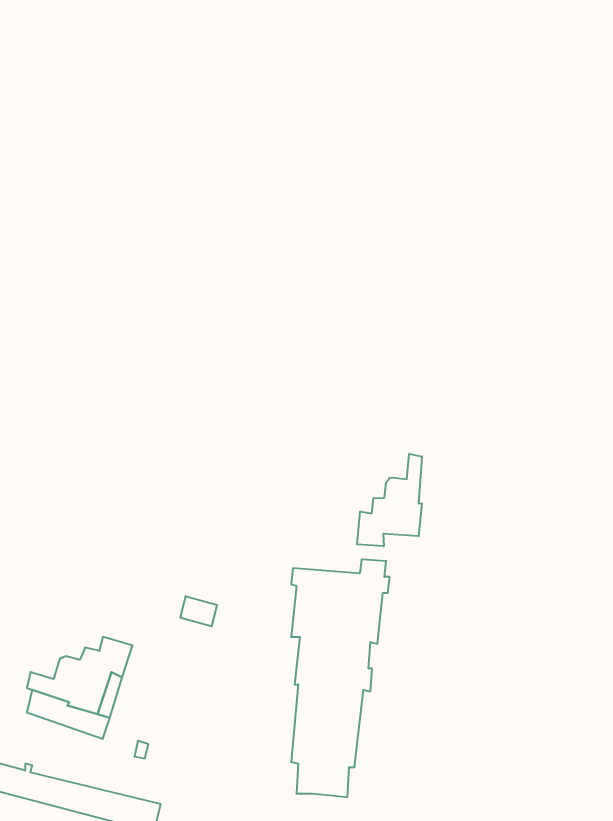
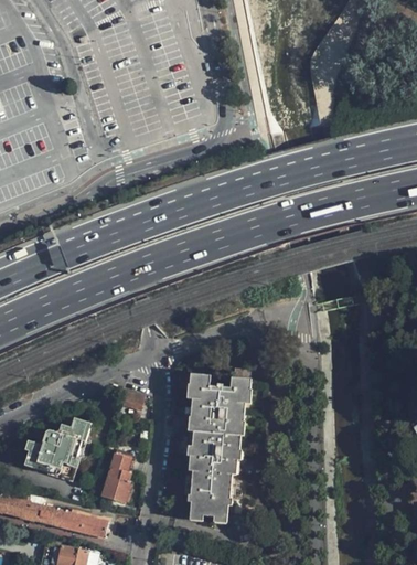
building: [357,454,422,546] -> none
building: none -> [100,454,130,503]

